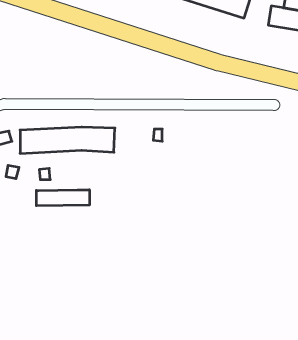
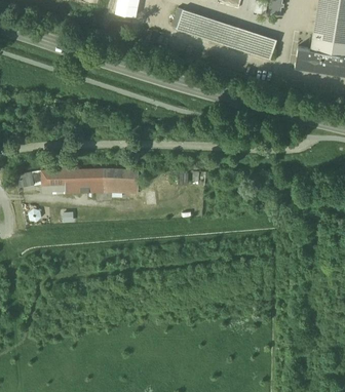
building: [36,190,89,206] -> none

